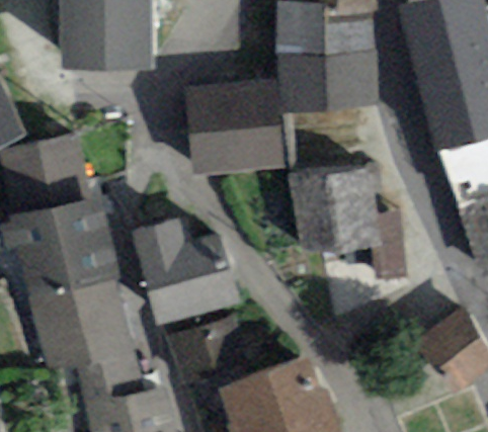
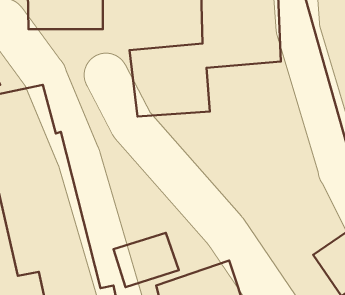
building: [289,168,407,281] -> none
building: [131,219,241,322] -> none

